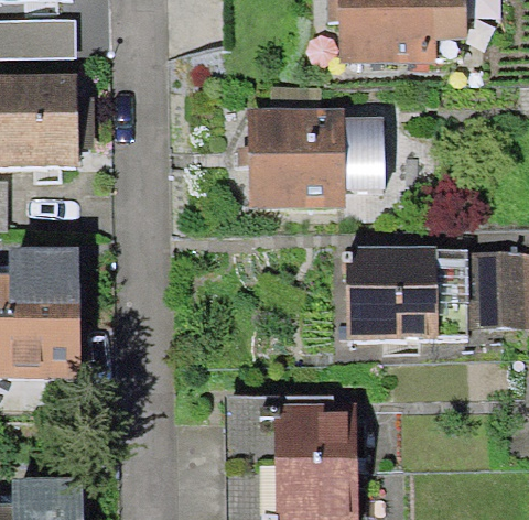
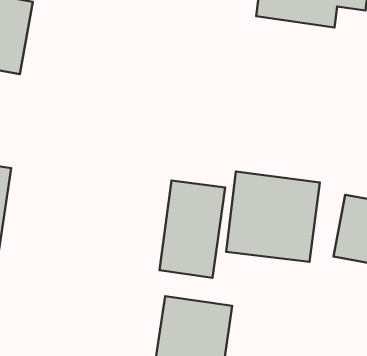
building: [248,111,342,208] -> none
building: none -> [159,181,225,278]

